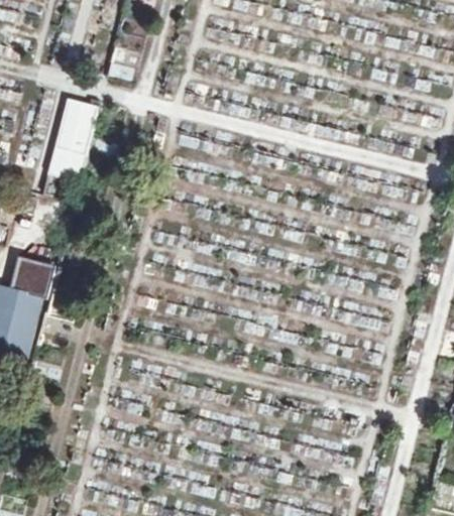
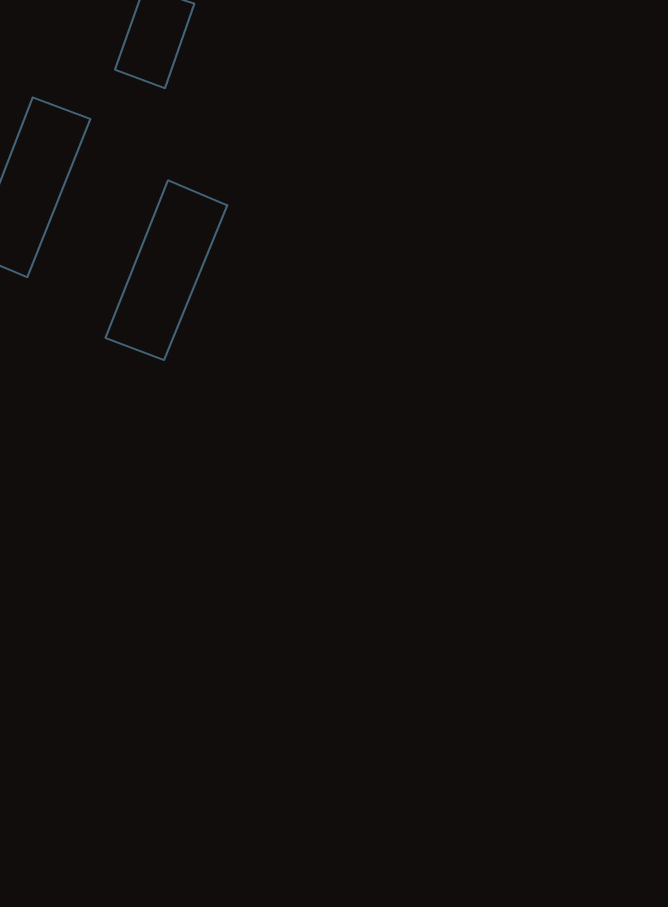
building: none -> [106,180,227,360]

